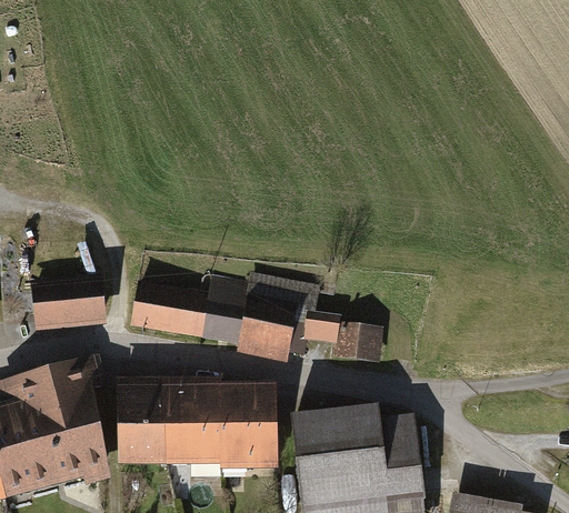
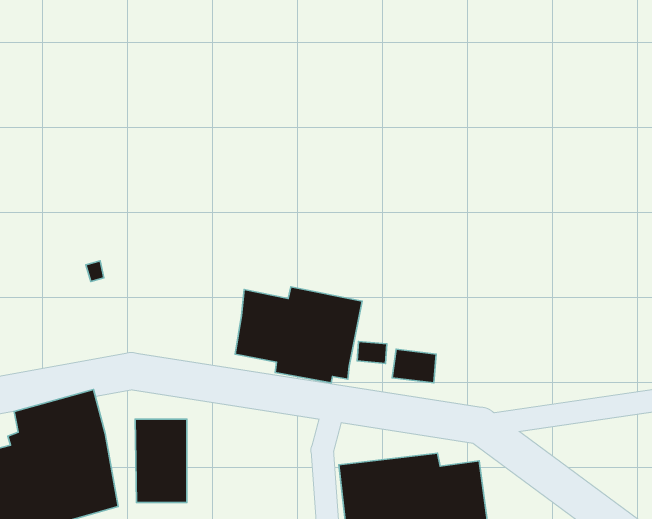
building: [37,284,101,324] -> none
building: [134,290,211,333] -> none
building: [164,389,277,467] -> none

